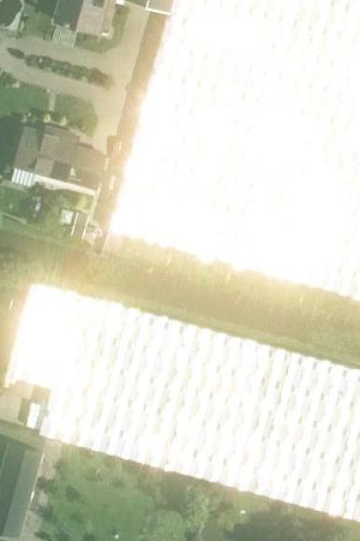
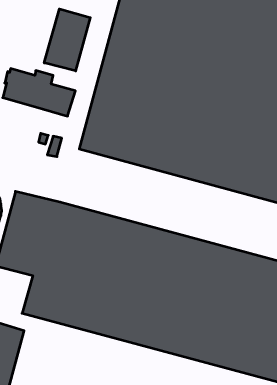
building: none -> [44,9,90,71]

